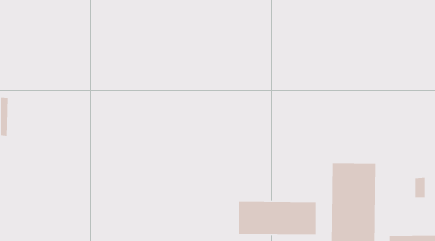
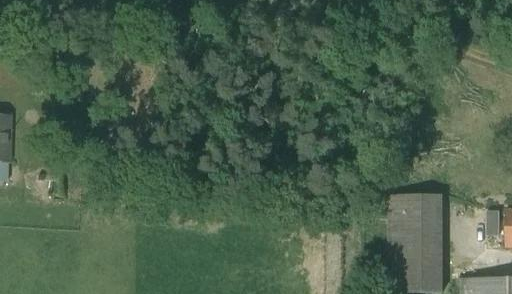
building: [238,201,316,235] -> none

